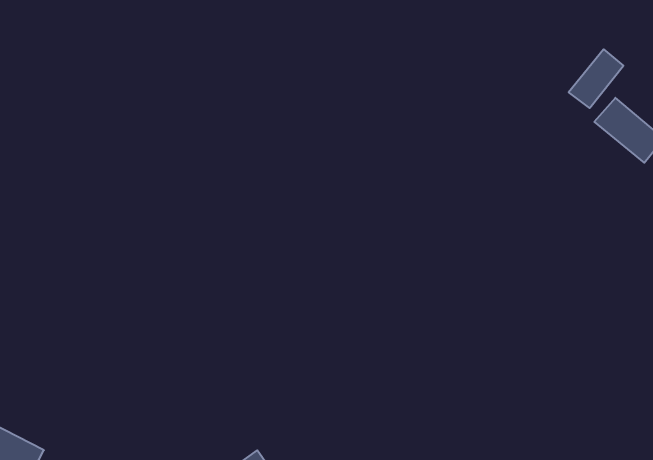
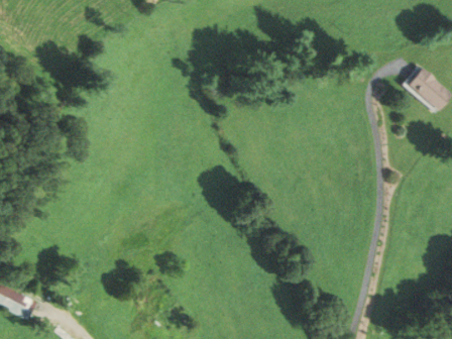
building: [569,49,623,108] -> none

